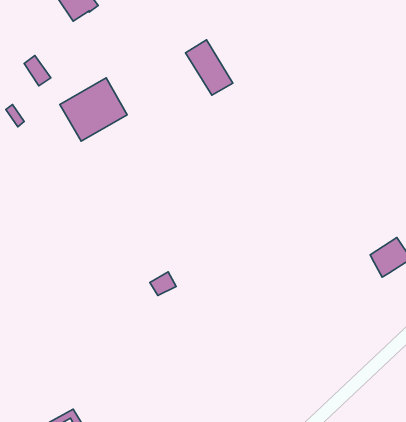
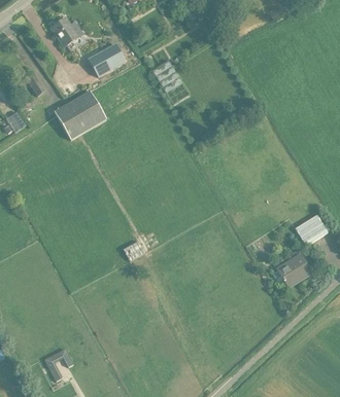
building: none -> [87,43,124,76]
building: none -> [275,253,311,285]

